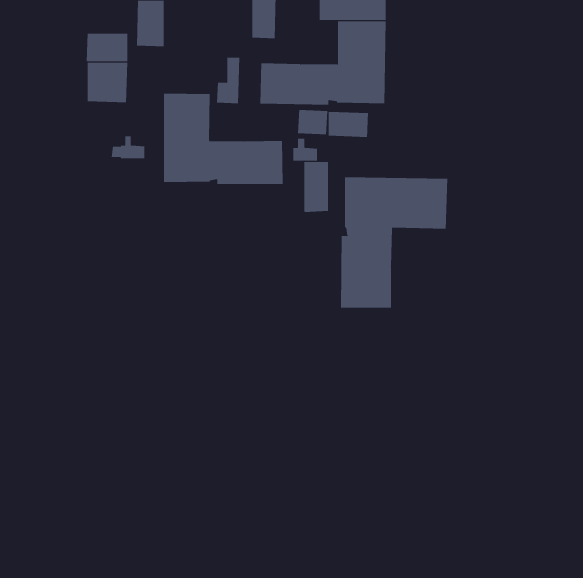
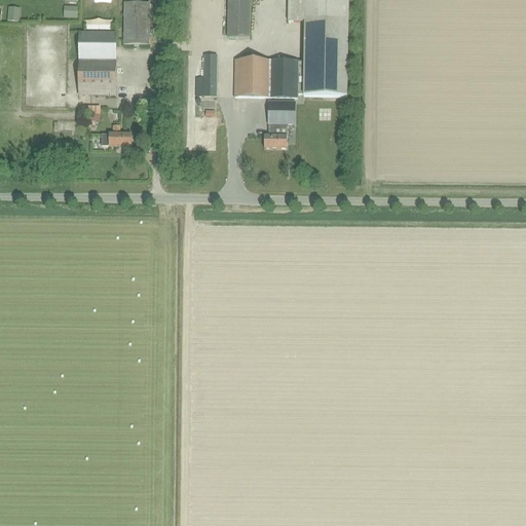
building: [163,93,283,185] -> none
building: [328,111,368,138] -> none
building: [304,161,329,213] -> none
building: [341,177,448,308] -> none

